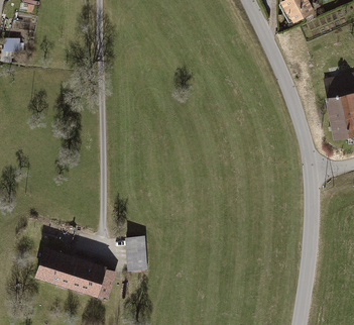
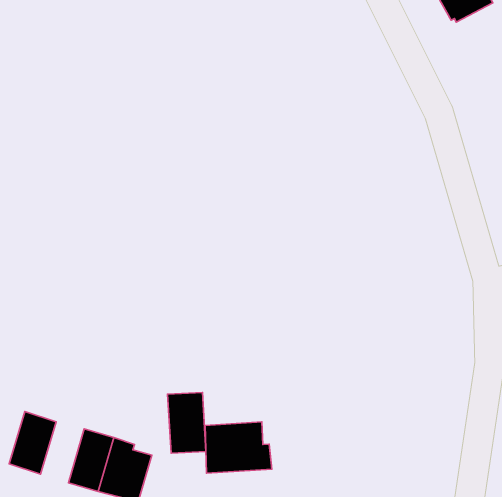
building: none -> [205,422,272,473]
building: [51,254,77,290] -> none

